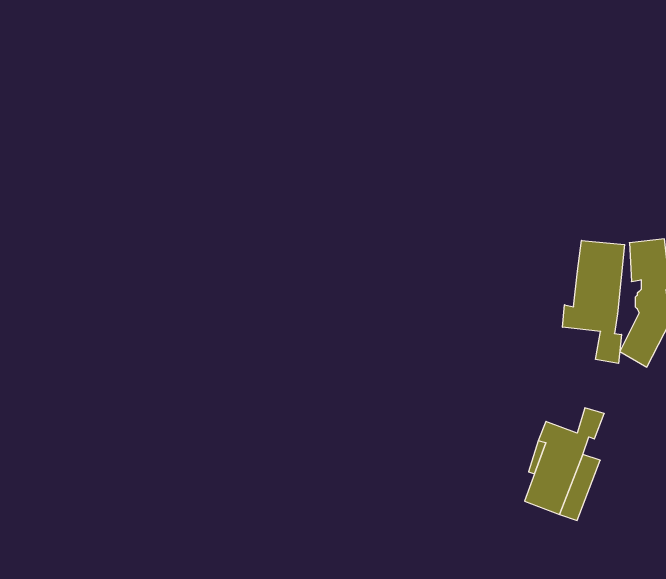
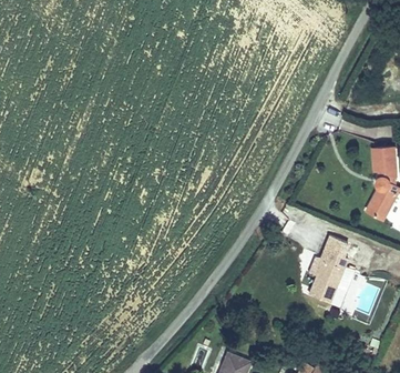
building: [563,240,625,363] -> none

